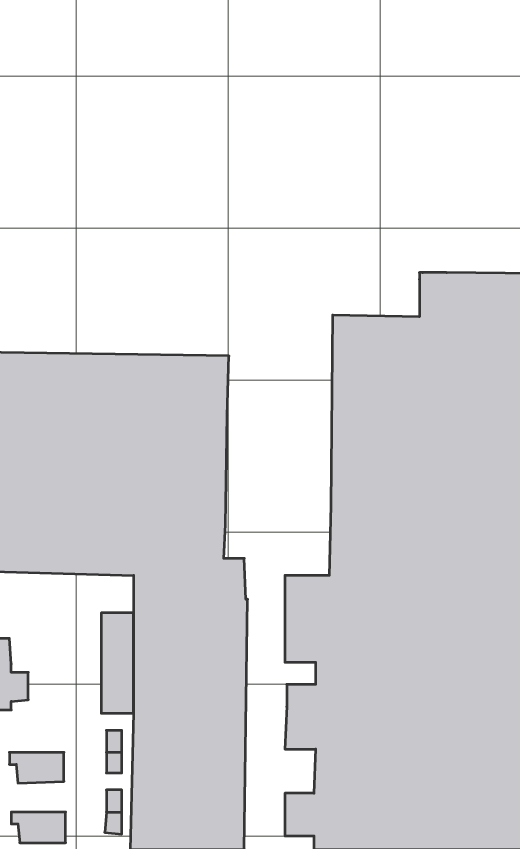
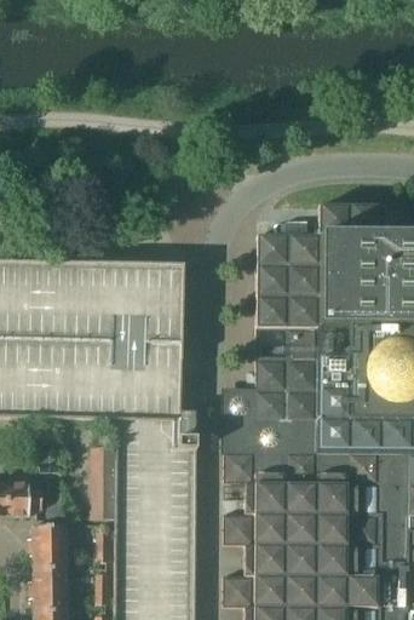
building: none -> [27,528,65,550]
building: none -> [27,570,67,592]

